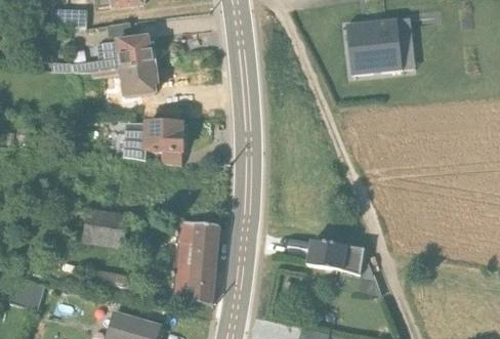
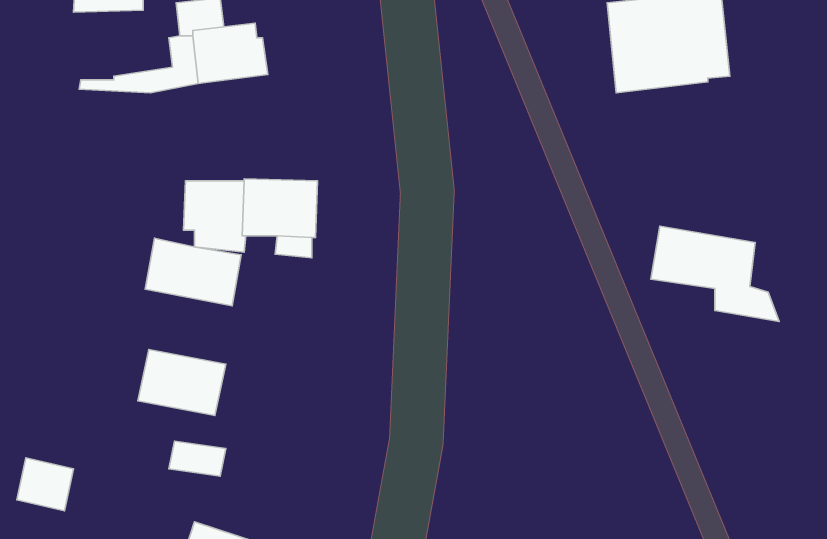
building: [117,60,159,96] -> none
building: none -> [145,238,241,306]
building: [173,221,221,304] -> none
building: [304,235,376,288] -> [651,226,779,321]

